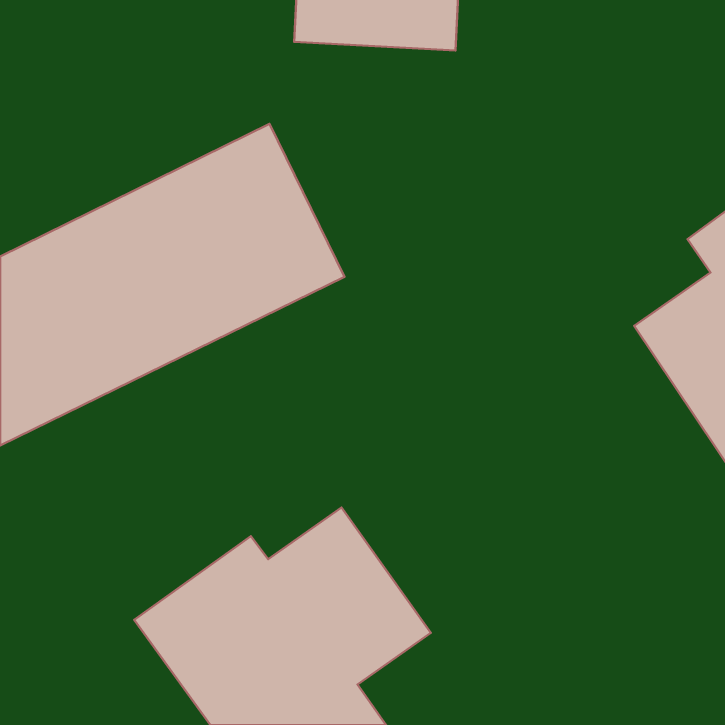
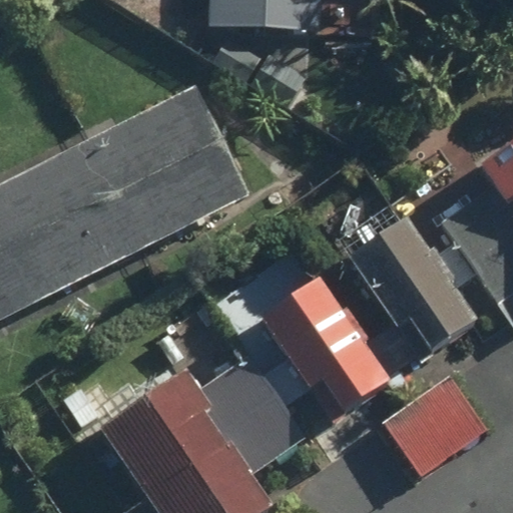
building: none -> [346,223,478,369]
building: none -> [256,280,392,420]
building: none -> [383,374,491,478]

